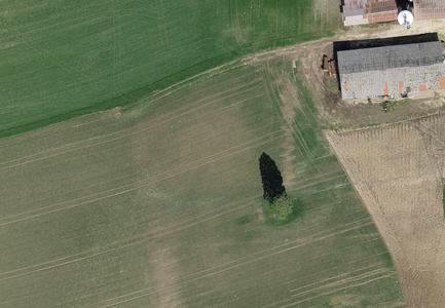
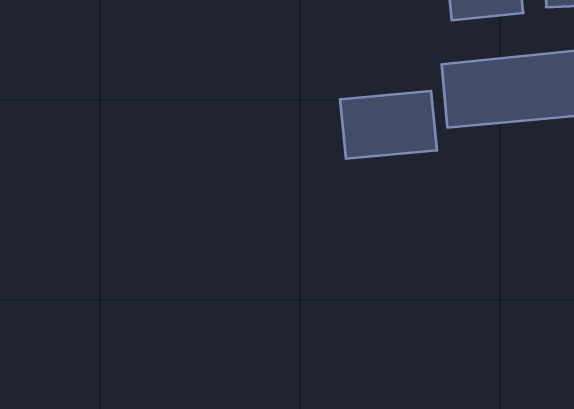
building: none -> [340,91,437,159]

